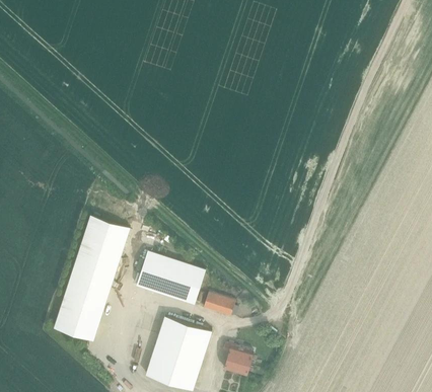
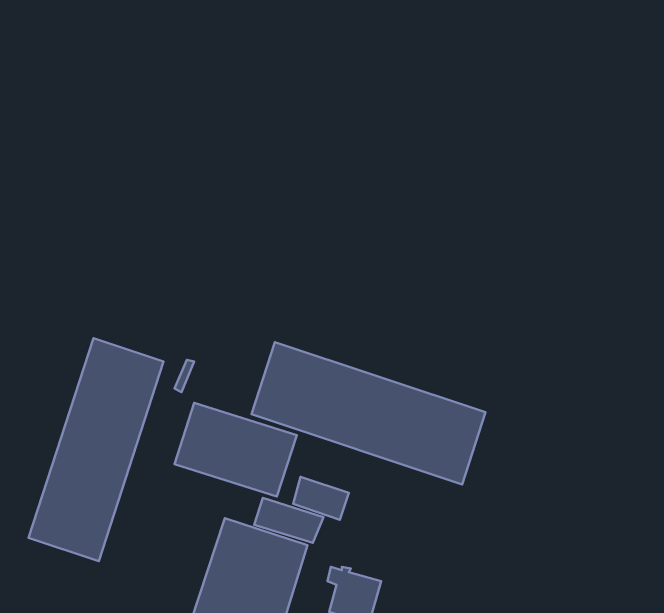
building: none -> [252,342,485,484]
building: none -> [254,498,323,543]

